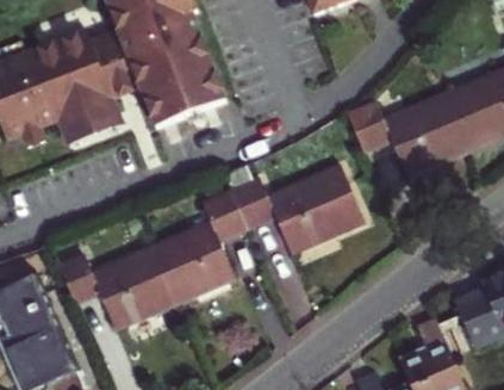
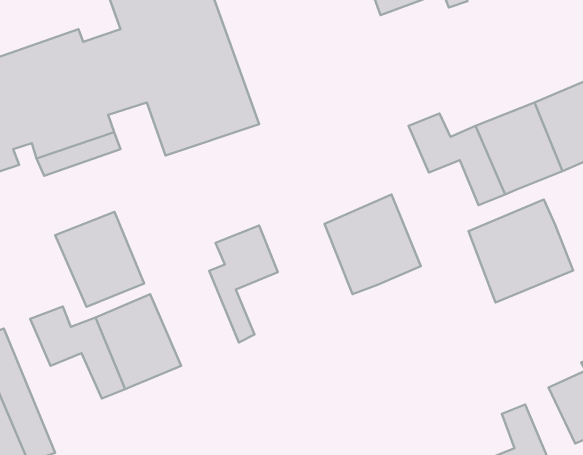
building: none -> [469,200,573,302]
building: [231,180,303,252] -> none
building: [148,224,216,297] -> [55,212,144,307]

